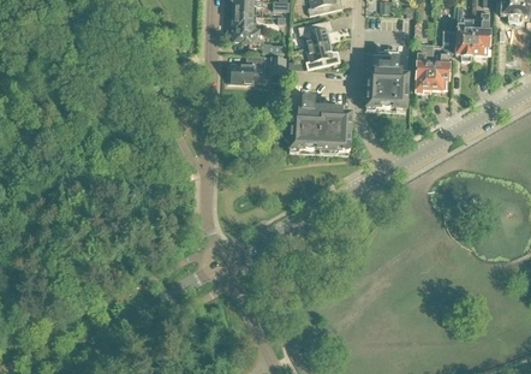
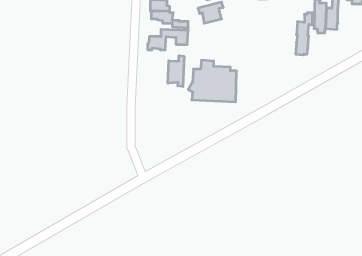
building: [305,41,340,69] -> none
building: [414,44,432,93] -> none
building: [365,57,407,112] -> none
building: none -> [168,56,184,87]

